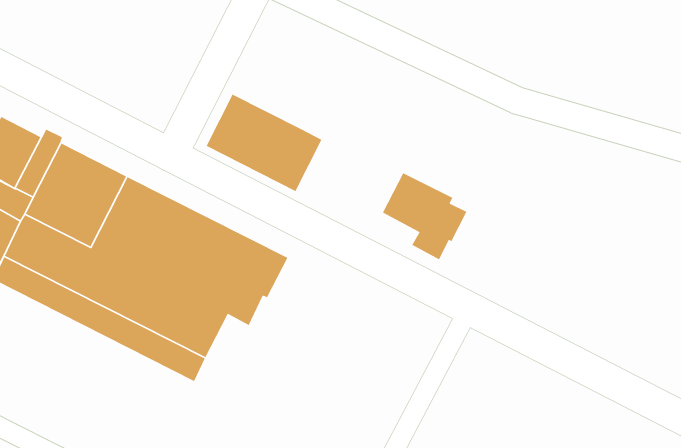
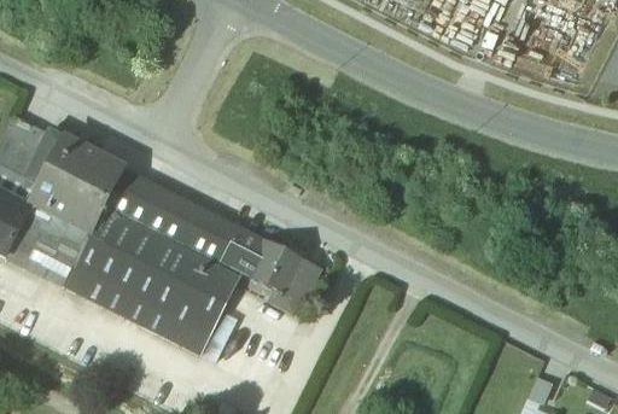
building: [205,94,323,192] -> none
building: [382,172,467,260] -> [243,237,316,313]
building: none -> [180,286,227,354]

